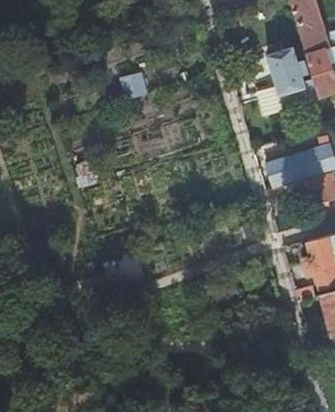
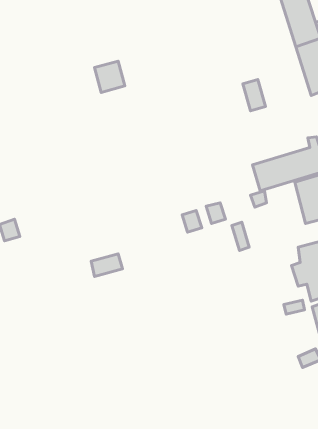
building: [267,46,316,111] -> none

